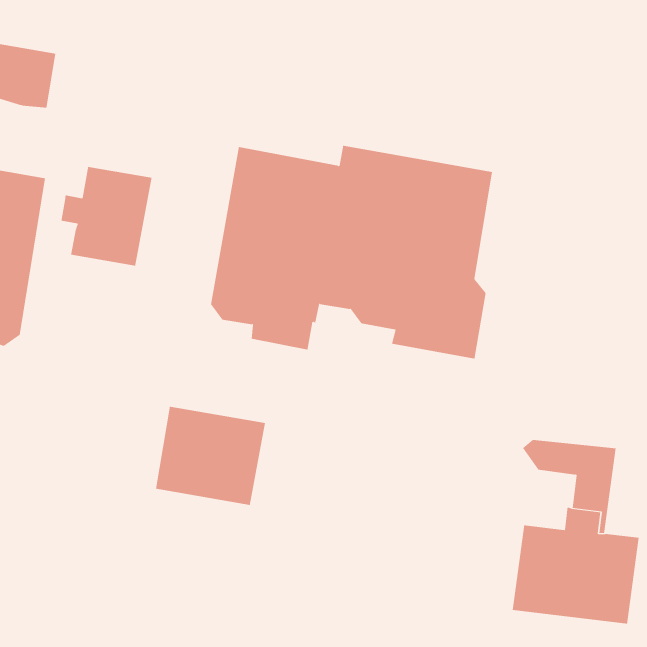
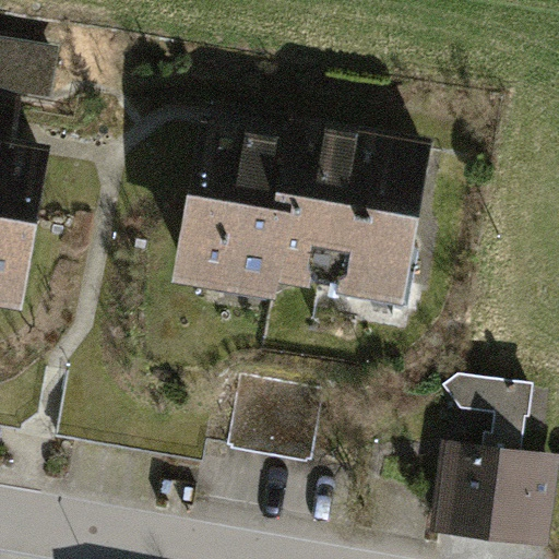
building: [61,166,152,267] -> none
building: [155,406,266,505] -> [227,377,322,462]

